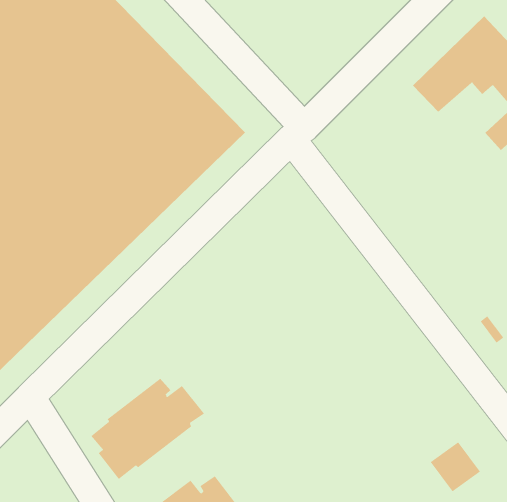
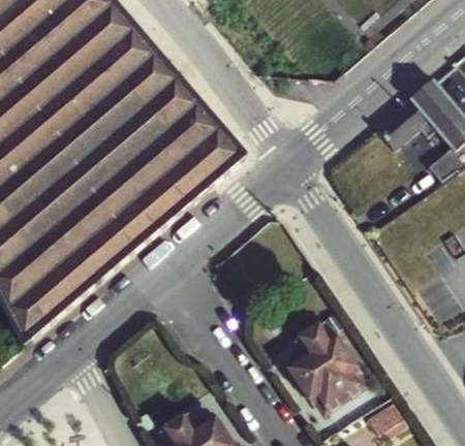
building: none -> [283,320,360,407]
building: [90,378,205,480] -> none

